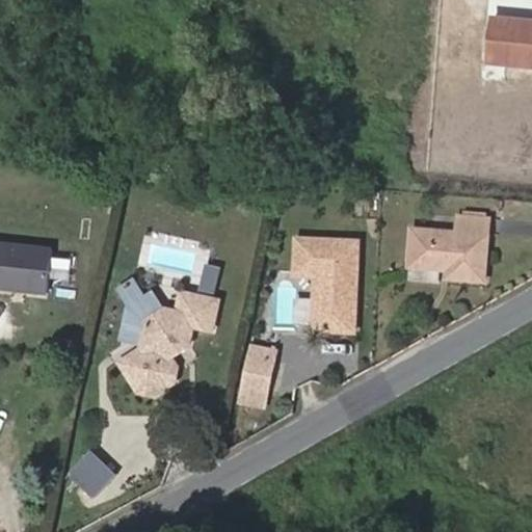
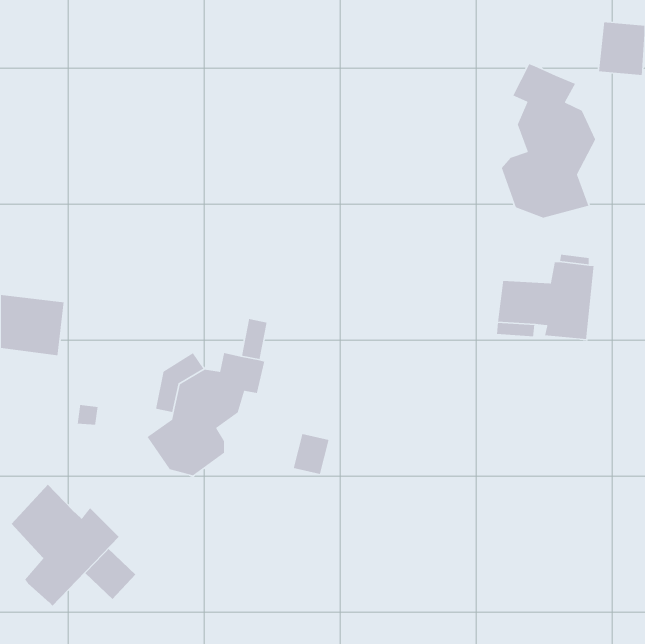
building: none -> [501,63,596,219]
building: [293,238,356,331] -> none
building: none -> [11,484,119,607]

